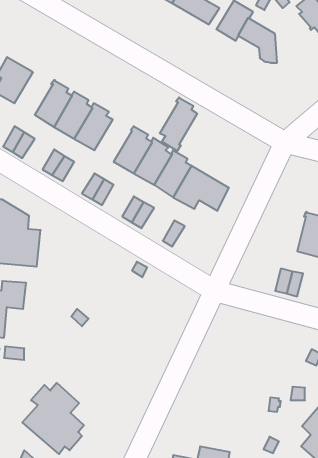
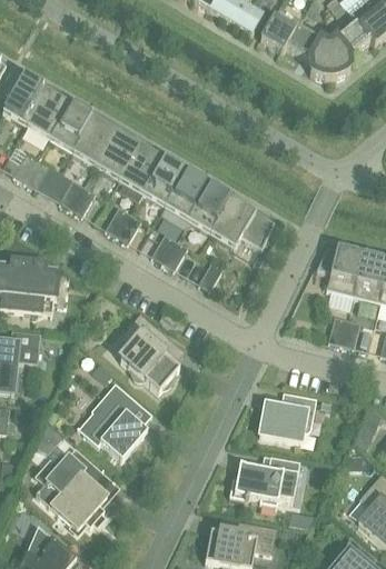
building: none -> [327,20,368,77]
building: none -> [26,82,70,137]
building: [160,97,197,151] -> [118,137,161,199]
building: none -> [316,246,363,295]
building: none -> [119,312,178,391]
building: none -> [82,381,143,459]
building: none -> [258,391,315,441]
building: none -> [228,455,299,505]

